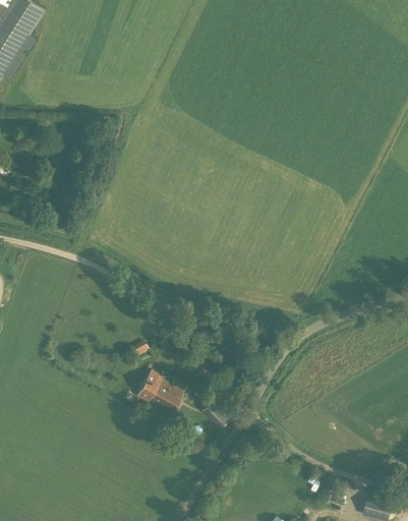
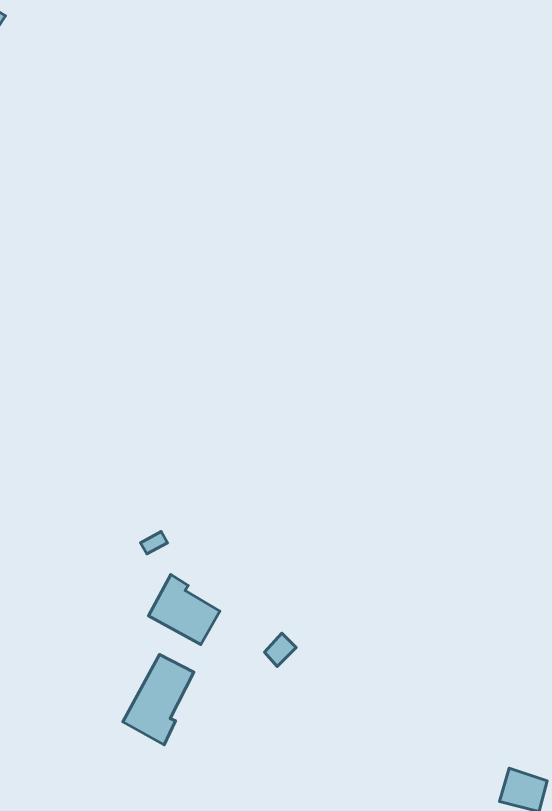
building: none -> [123,655,194,745]

